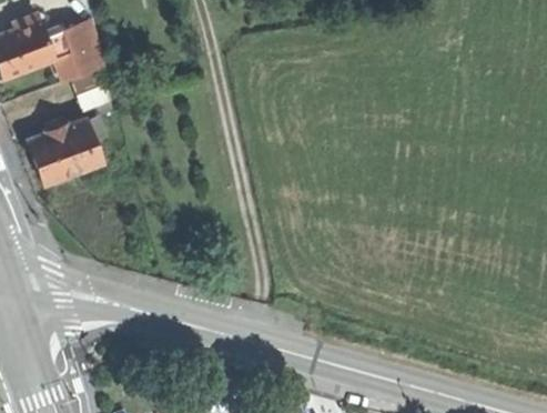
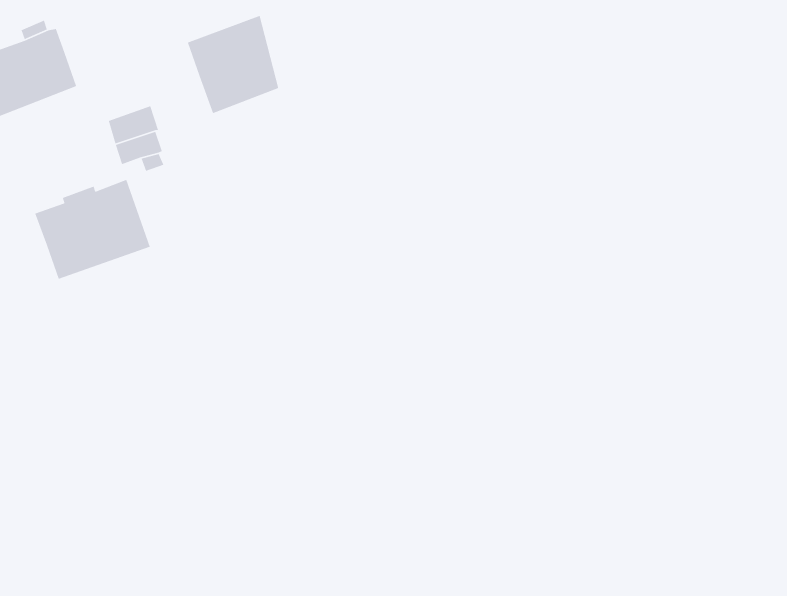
building: [45,18,105,82] -> [187,15,279,114]

